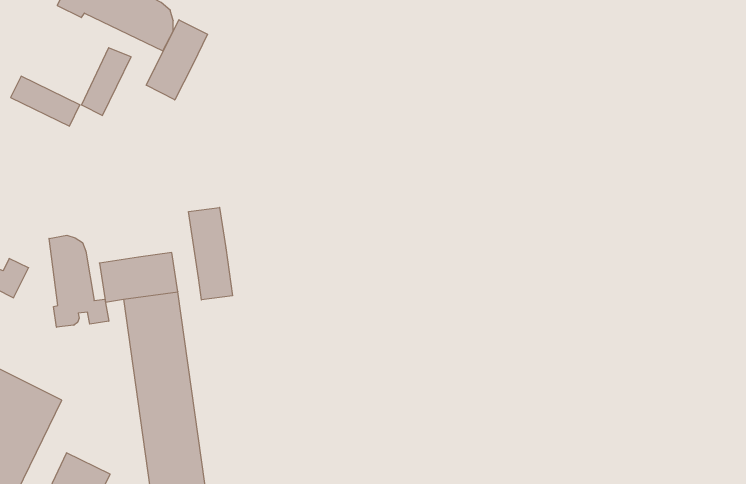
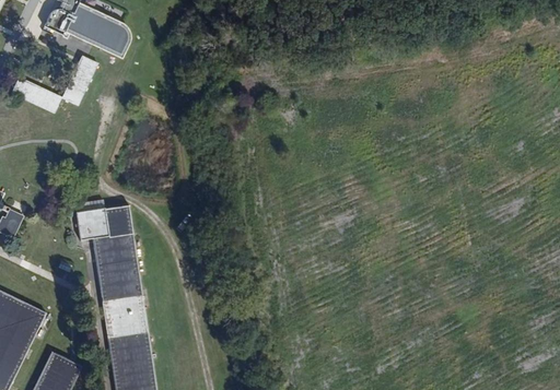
building: [146,20,207,100] -> none
building: [189,207,232,300] -> none
building: [49,235,109,327] -> none

